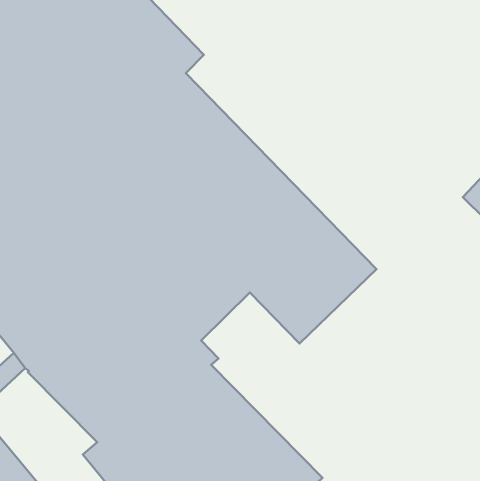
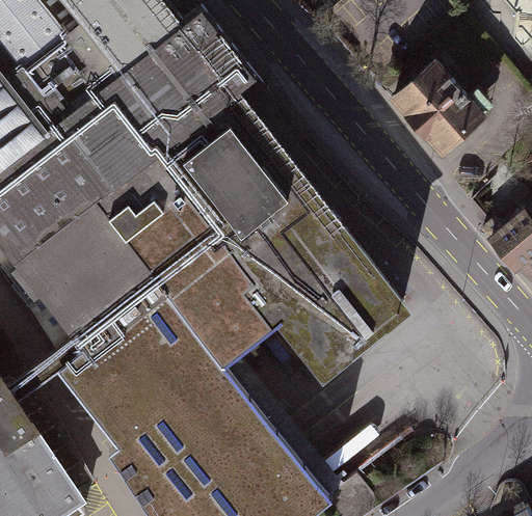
building: none -> [389,65,480,158]

